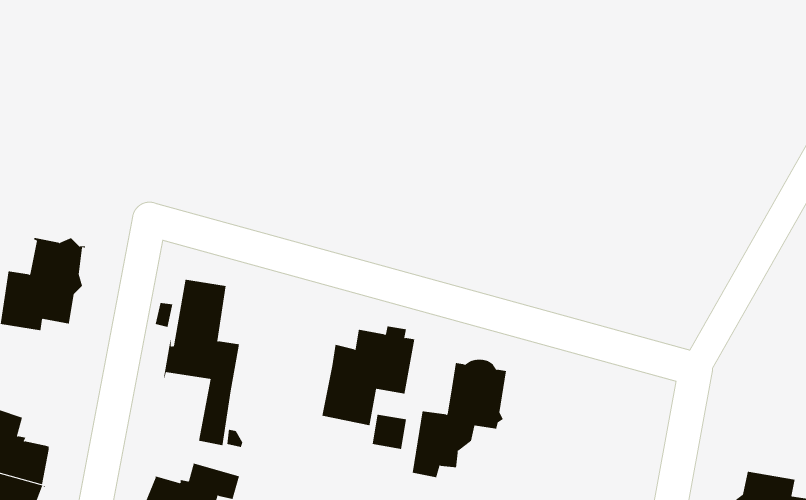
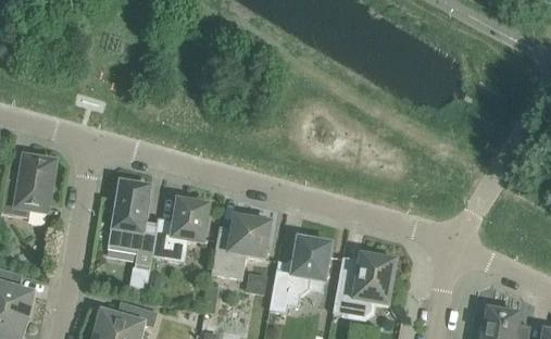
building: none -> [152,199,210,261]
building: none -> [333,253,397,317]

